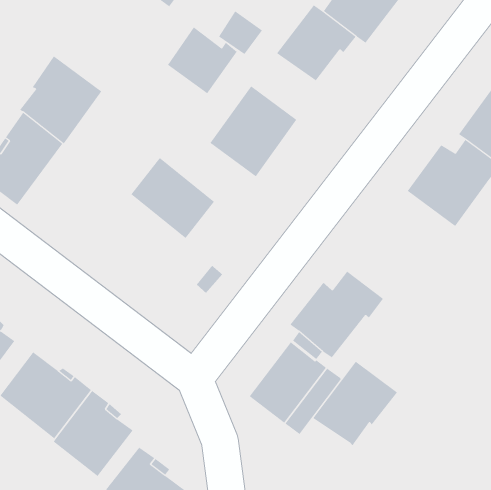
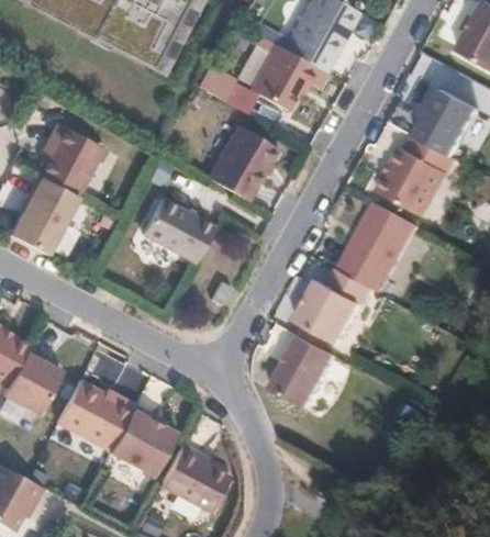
building: [167,27,238,94] -> none
building: none -> [337,201,413,291]
building: [313,361,398,446] -> none

